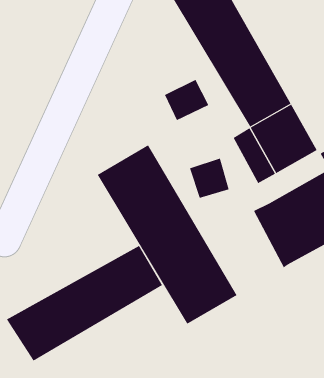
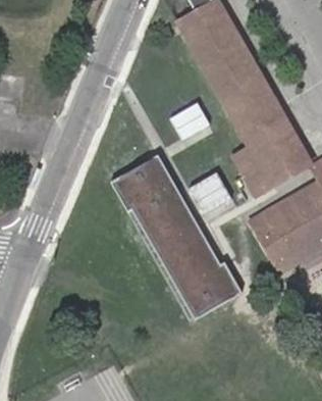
building: [6,245,163,362] -> none

